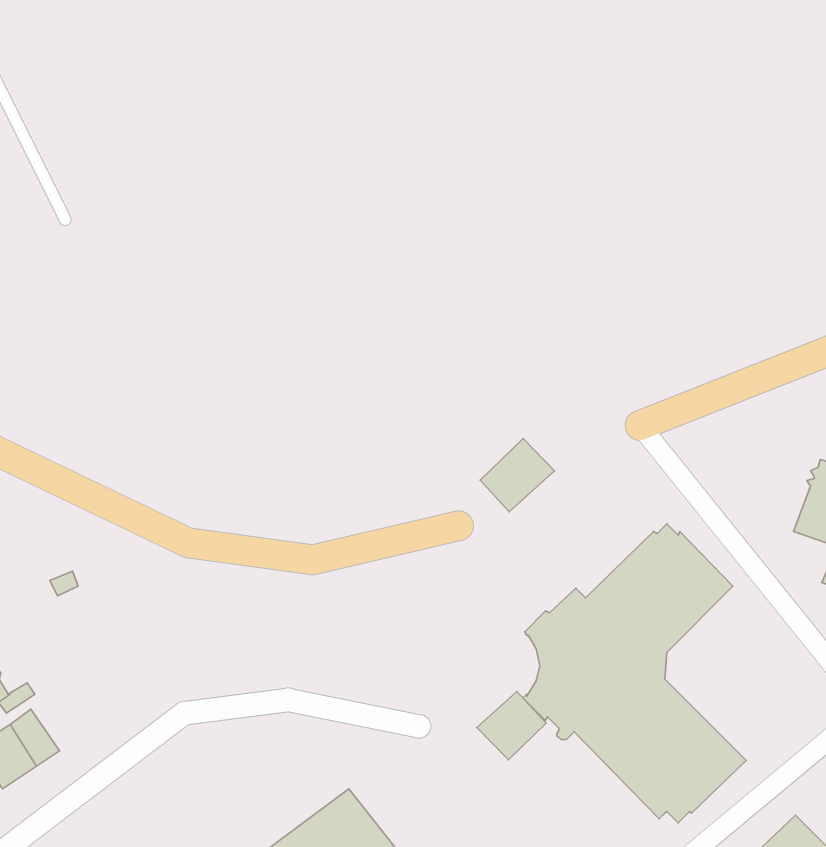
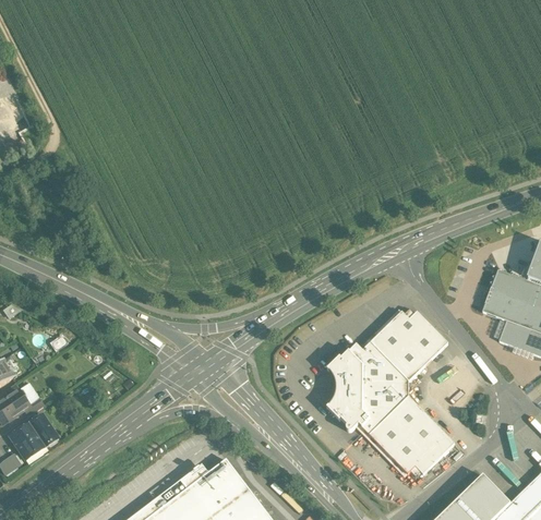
building: [480,439,554,512] -> none
building: [477,691,546,760] -> none

